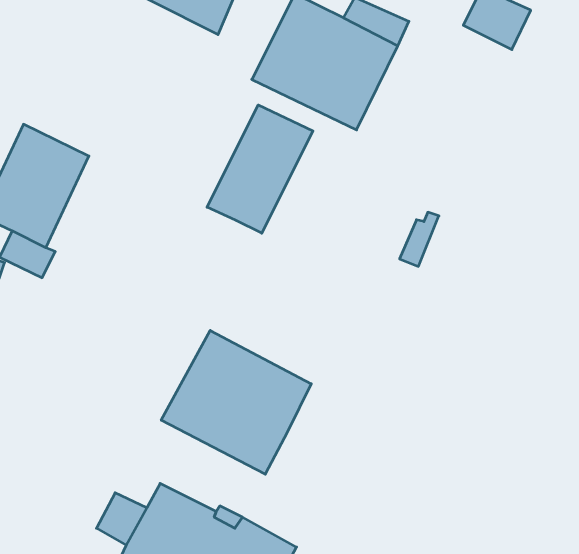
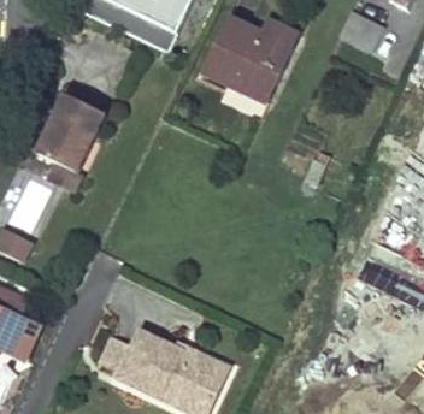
building: [207,105,313,233] -> none
building: [161,330,311,474] -> none

